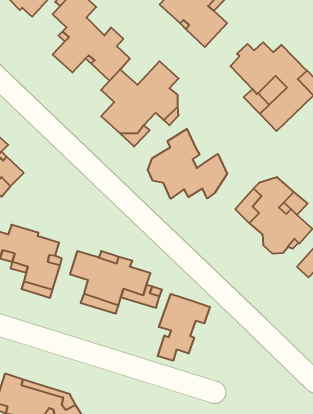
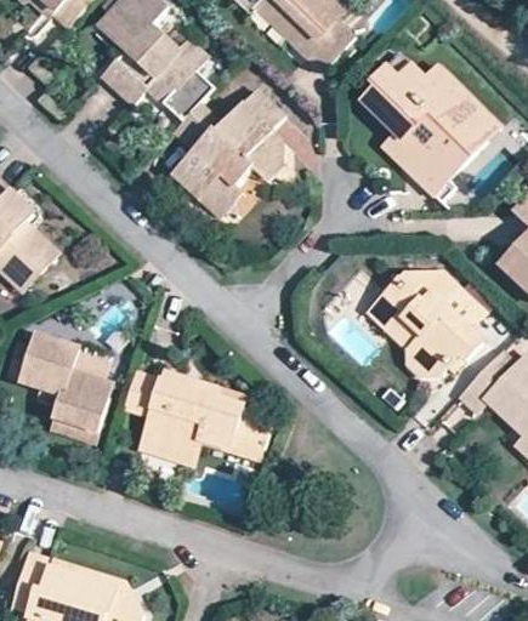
building: [148,129,227,199] -> none
building: [158,294,210,361] -> none

